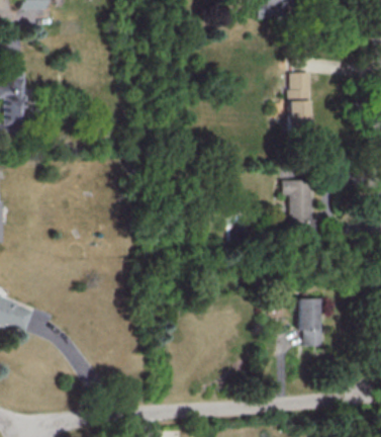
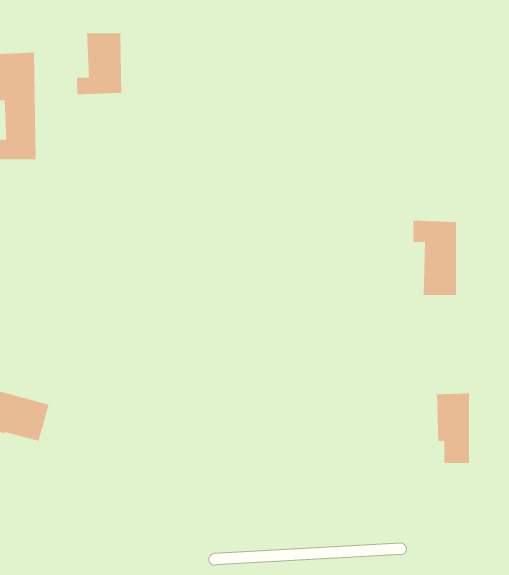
building: none -> [77,32,122,95]
building: [290,72,312,129] -> none

